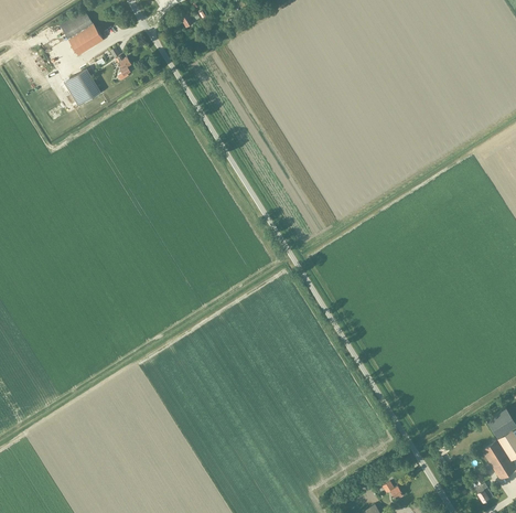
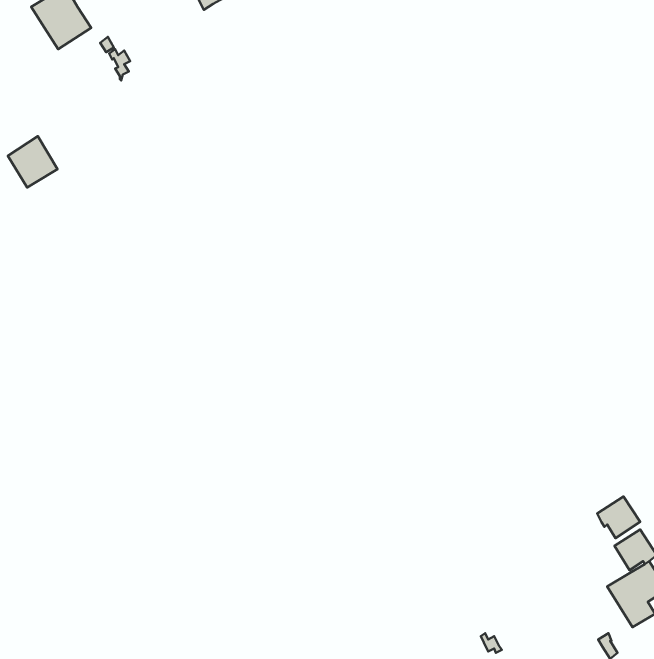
building: [64,68,100,106] -> [8,136,57,187]
building: none -> [597,497,640,538]

